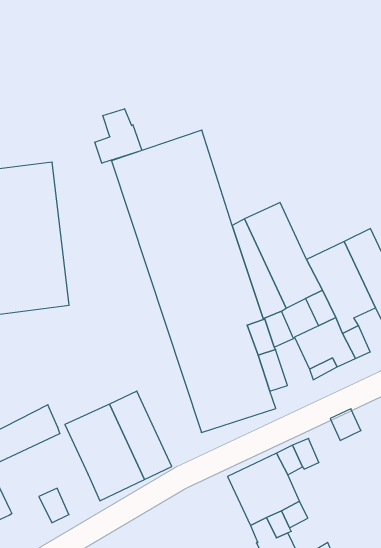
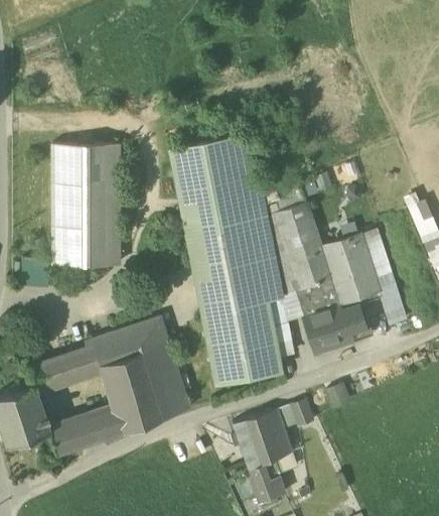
building: [95,109,142,163] -> none
building: none -> [90,319,167,367]
building: none -> [91,409,125,440]
building: none -> [48,422,83,455]

